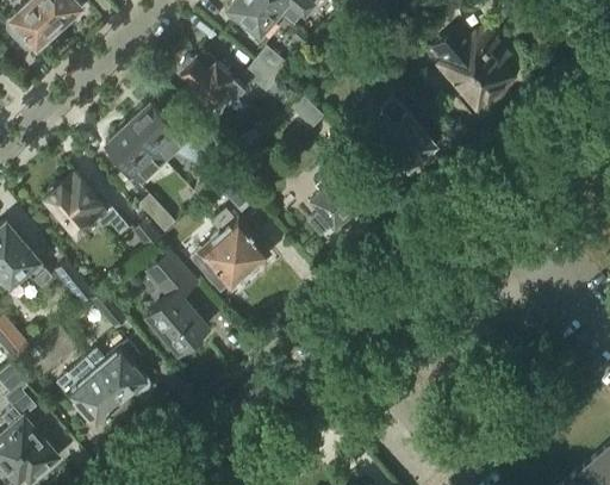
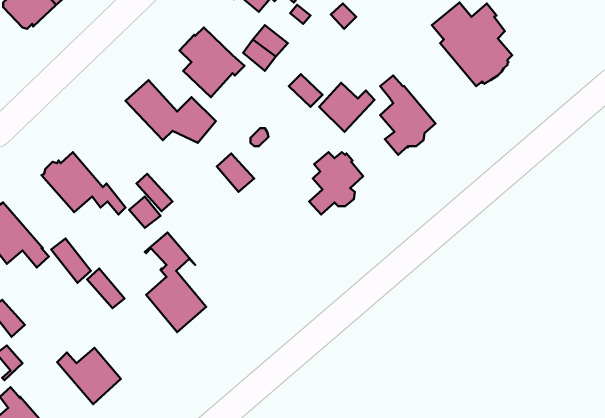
building: none -> [319,83,375,132]
building: [106,123,166,184] -> none
building: [203,210,267,292] -> none
building: [88,342,151,399] -> none

